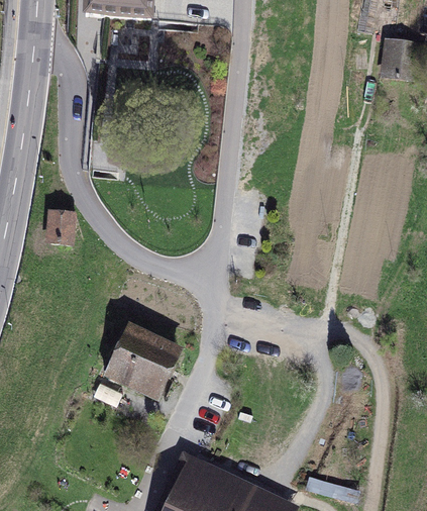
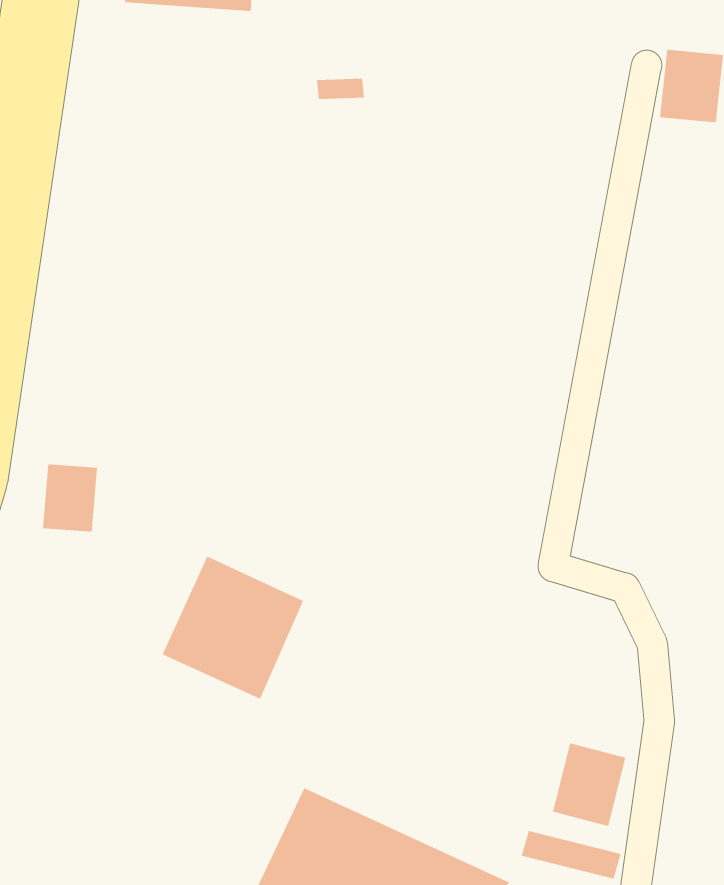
building: [45,209,77,247] -> [42,464,98,532]
building: none -> [552,742,626,827]

